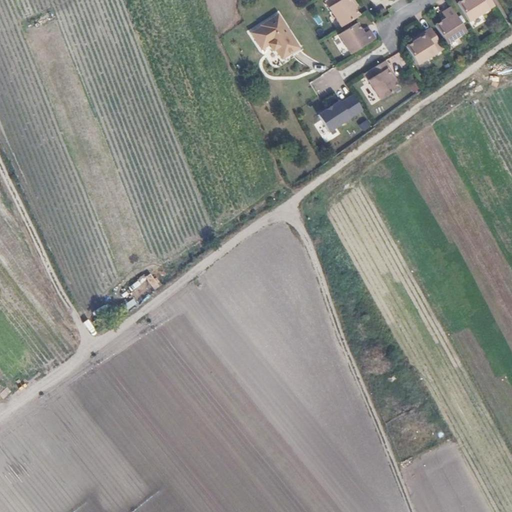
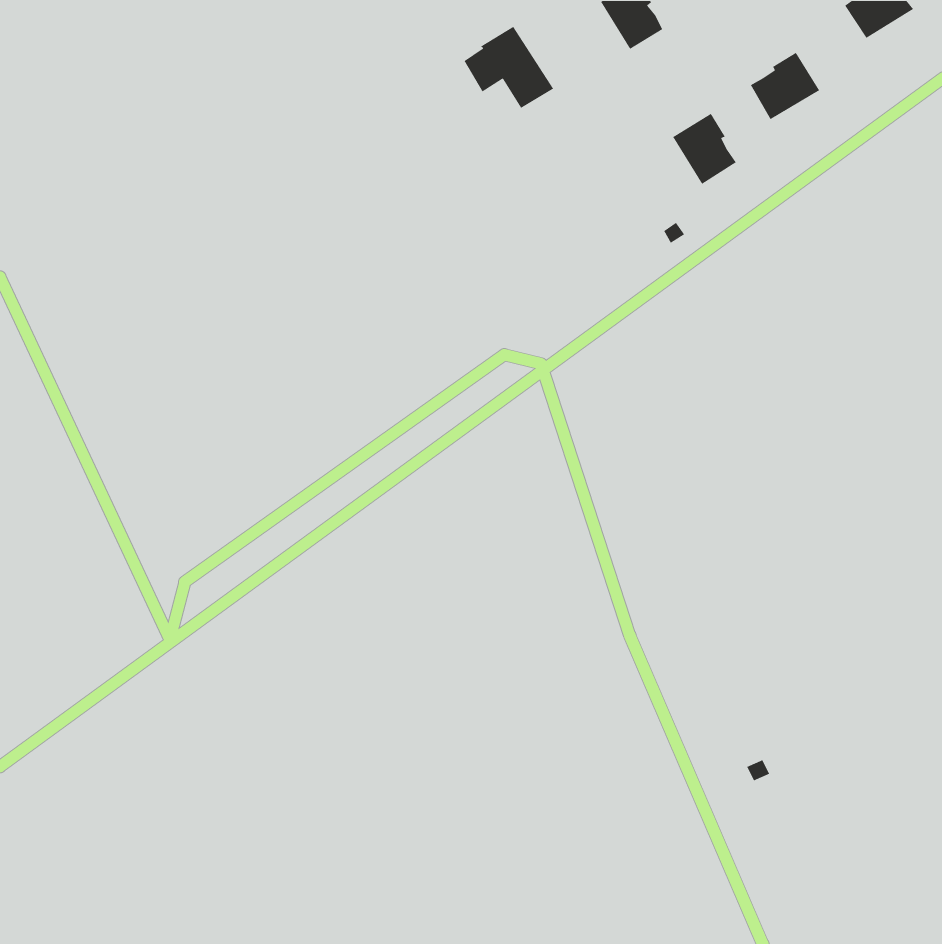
building: [436,7,467,44] -> none
building: [339,23,376,54] -> none
building: [316,89,361,126] -> none

